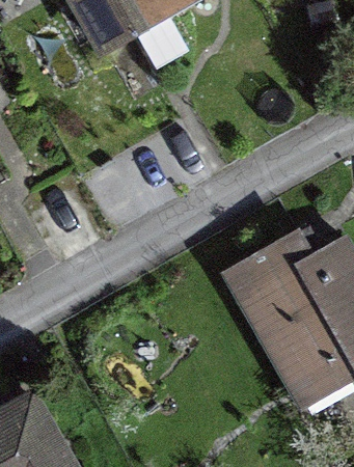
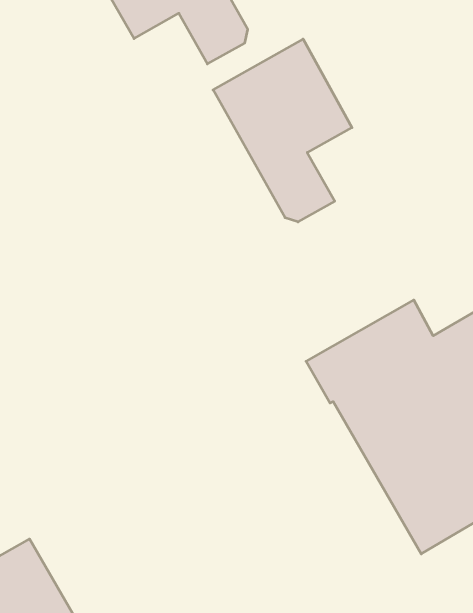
building: none -> [213,39,352,222]

